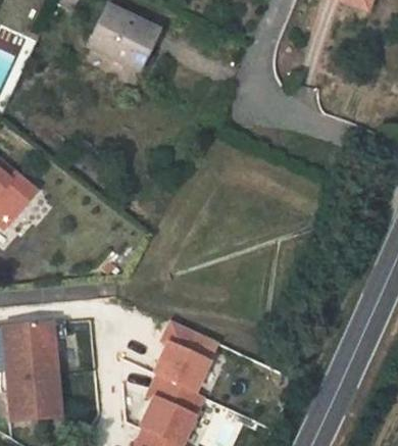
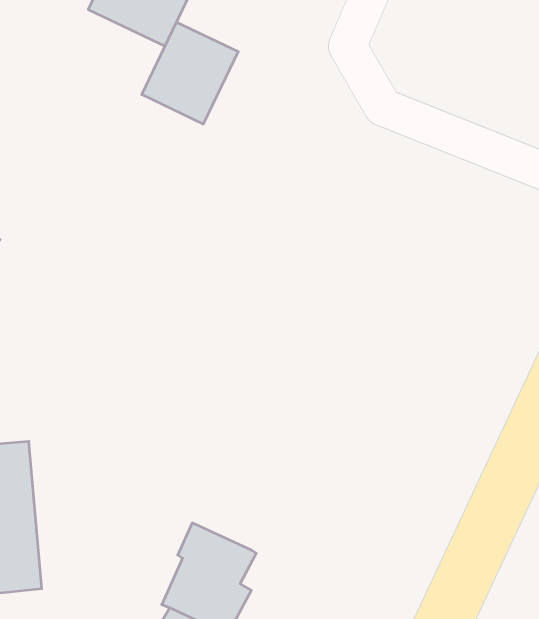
building: none -> [142,22,238,124]
building: [154,319,218,391] -> none

